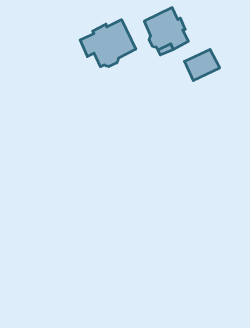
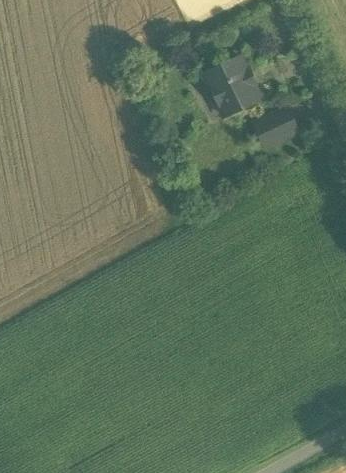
building: [80,20,136,67] -> none

